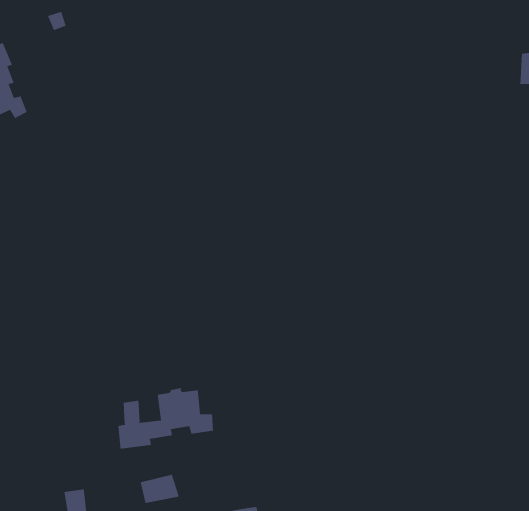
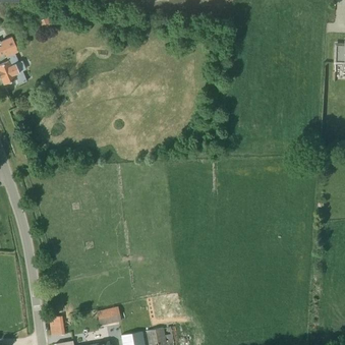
building: [118,387,214,450] -> none

